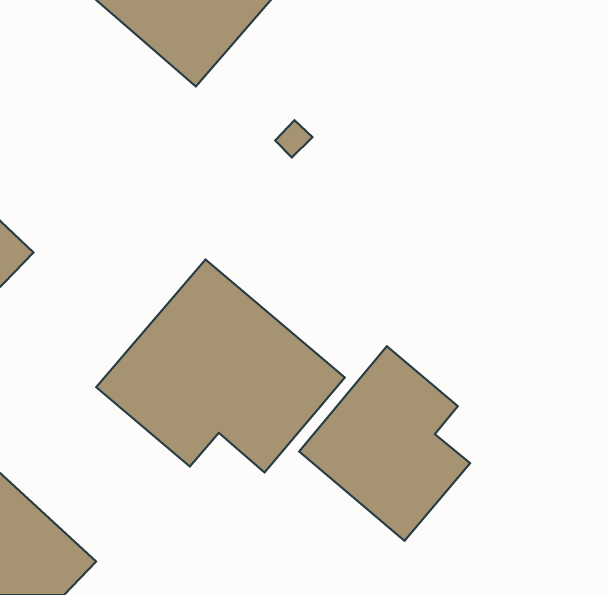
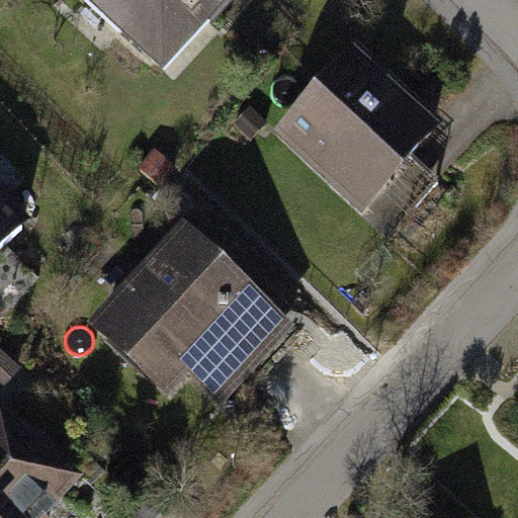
building: none -> [273,39,439,230]
building: [299,346,470,541] -> none

